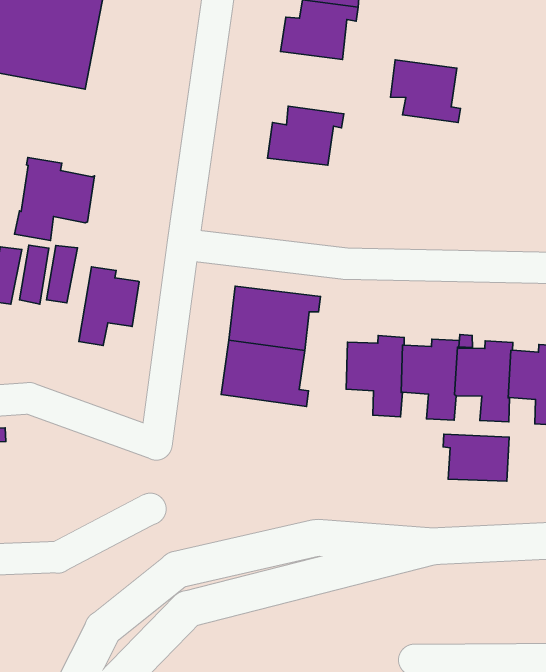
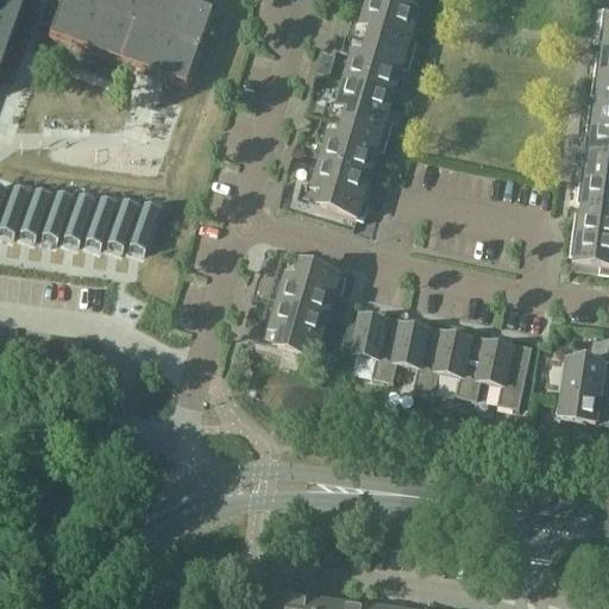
building: [390,60,460,122] -> [337,76,393,133]
building: [15,157,95,240] -> none
building: none -> [309,158,368,215]
building: [79,267,139,346] -> none
building: [443,434,509,481] -> none

